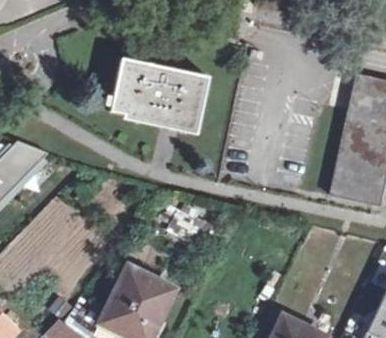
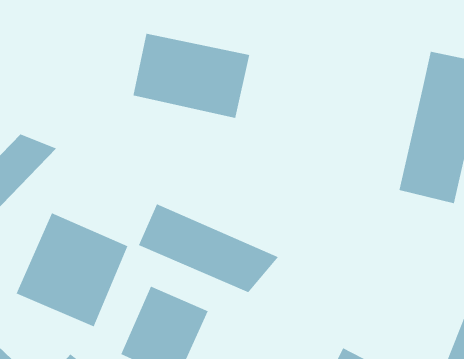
building: none -> [138,203,279,293]
building: none -> [15,212,128,328]

